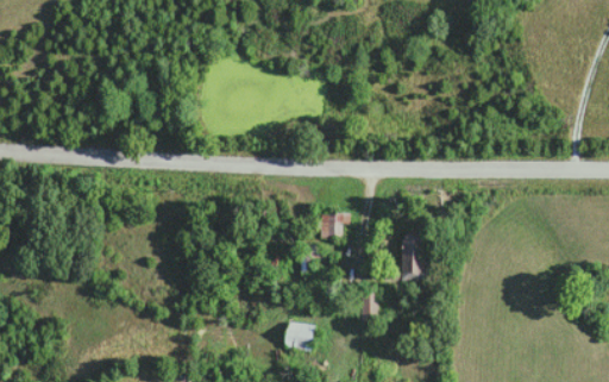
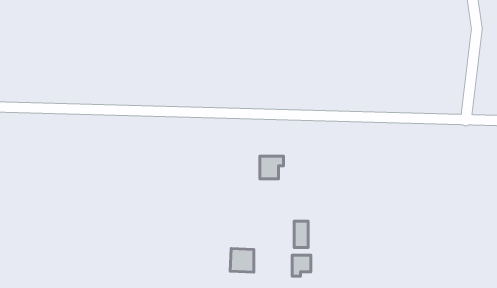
building: [402,233,425,280] -> none
building: none -> [292,255,311,276]

